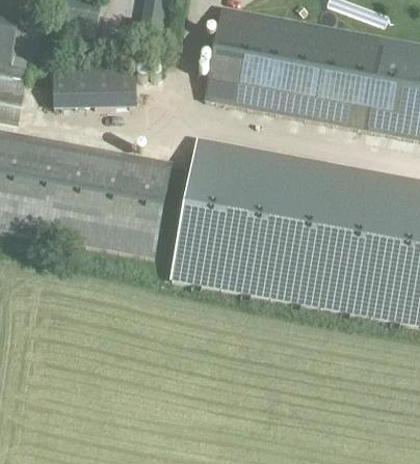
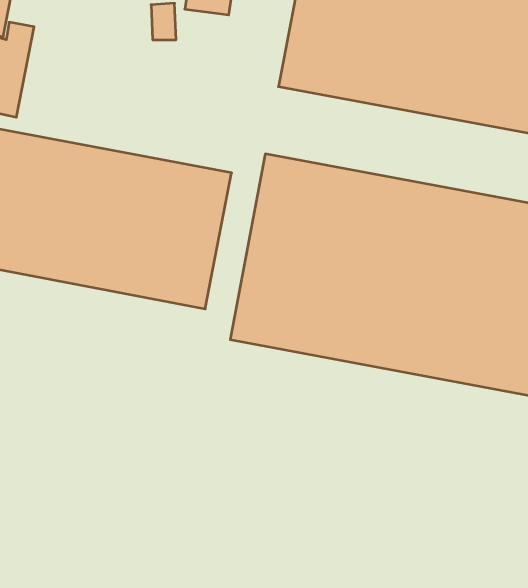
building: [40,70,129,113] -> none

